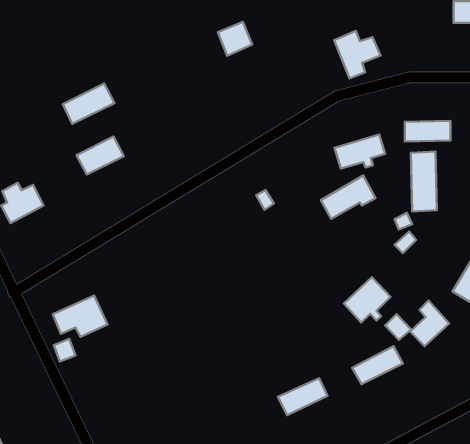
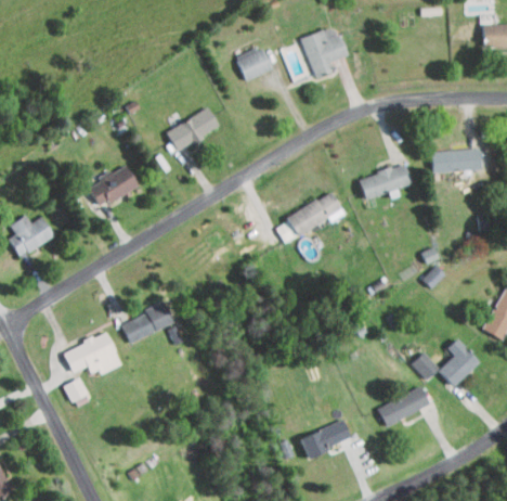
building: [334,31,381,78] -> [301,29,350,79]
building: [63,84,114,124] -> [167,108,221,151]
building: [411,152,437,211] -> none
building: [321,176,375,219] -> [288,191,346,236]
building: none -> [120,301,177,343]
building: [344,277,390,323] -> none

